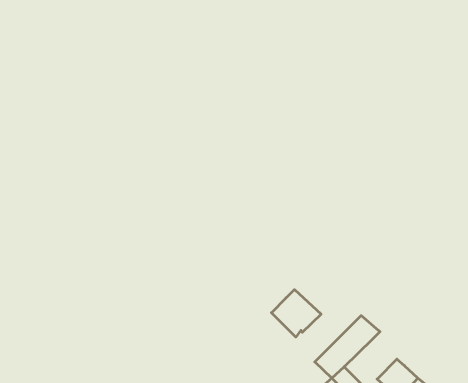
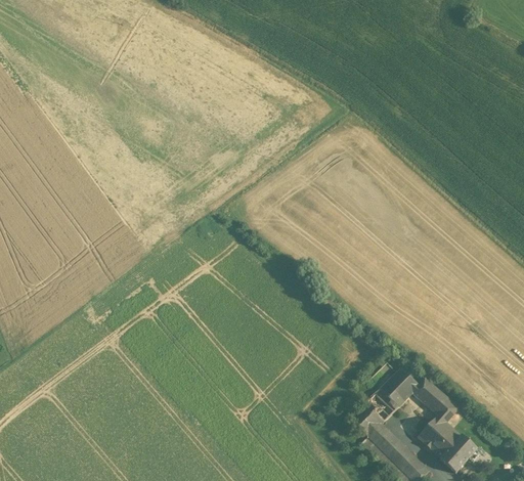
building: [271,290,321,337] -> none
building: none -> [412,377,460,421]

